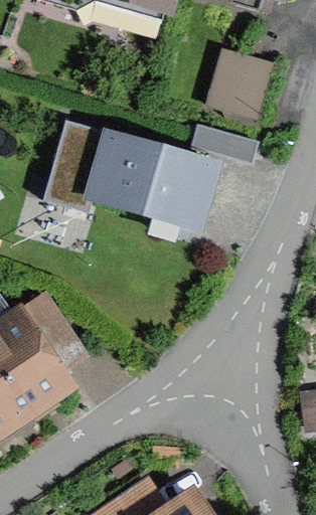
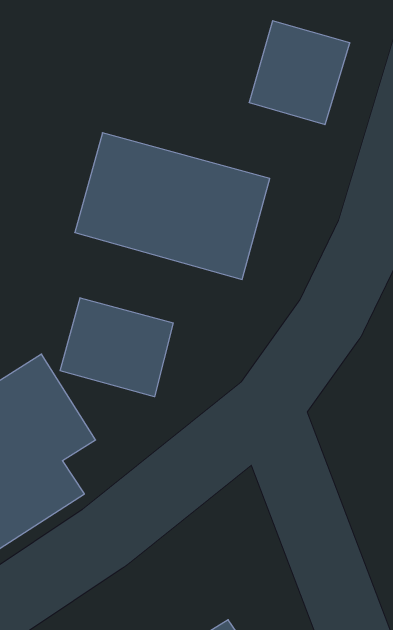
building: none -> [60,298,173,397]

